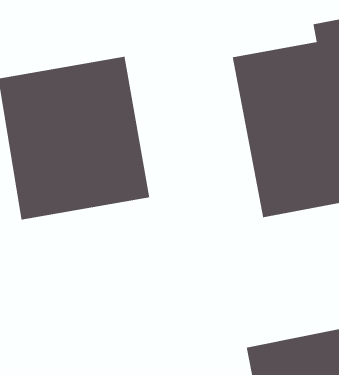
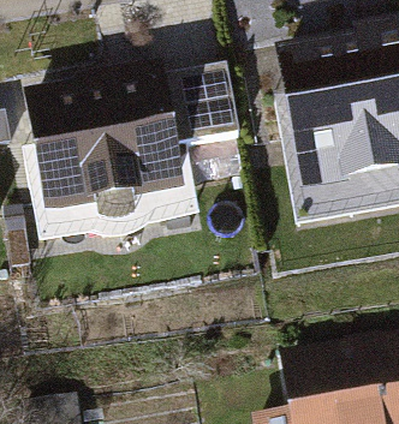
building: none -> [166,59,238,143]

